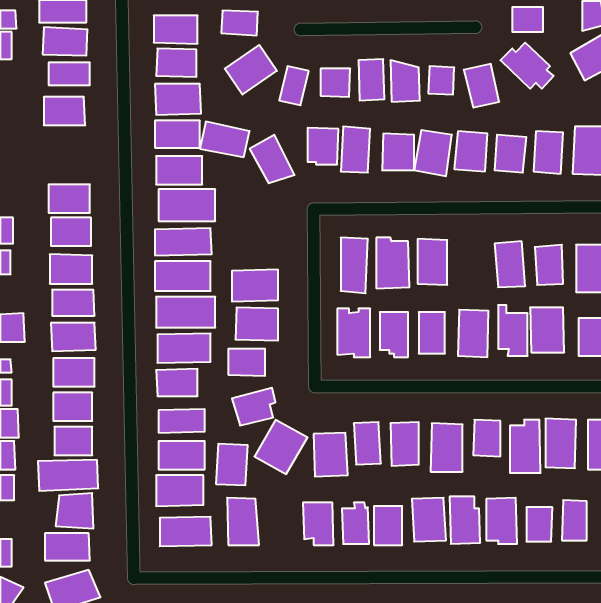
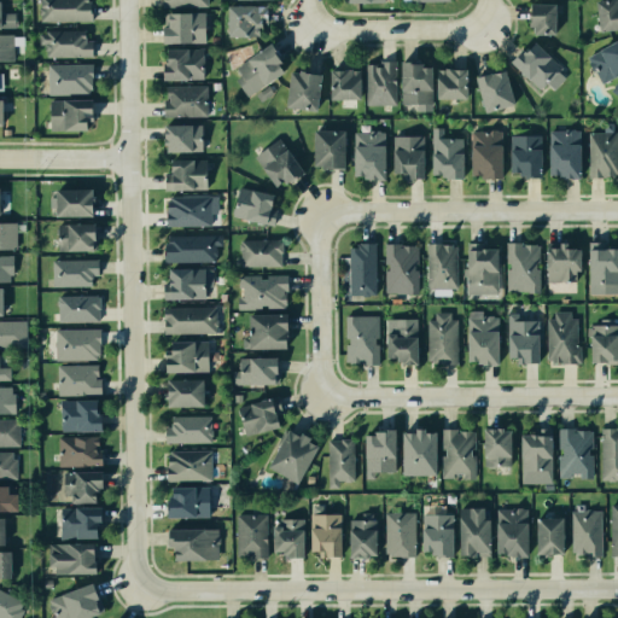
building: [200,122,250,157] -> [234,190,285,226]
building: none -> [239,239,284,269]
building: none -> [467,247,495,293]
building: [216,444,248,485] -> [273,518,305,560]

